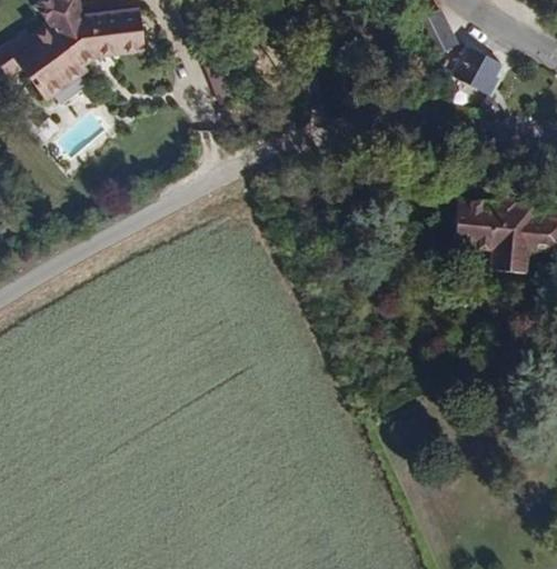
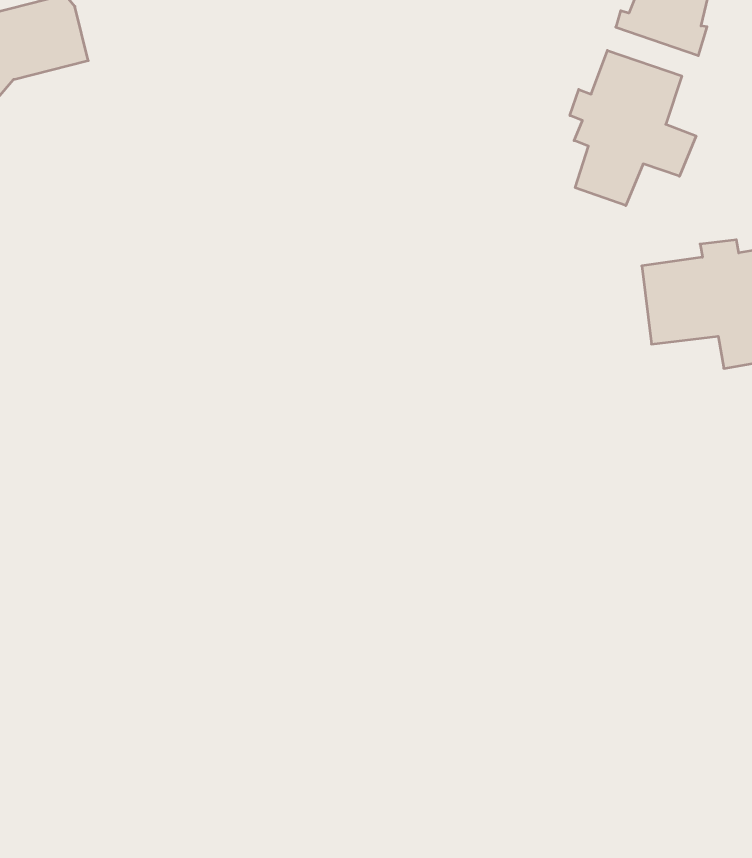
building: none -> [570,50,696,206]

